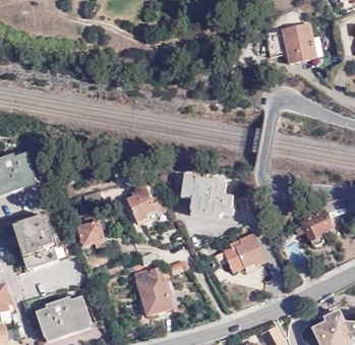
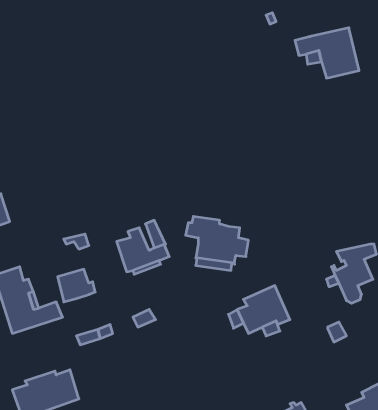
building: [132,267,172,315] -> none

